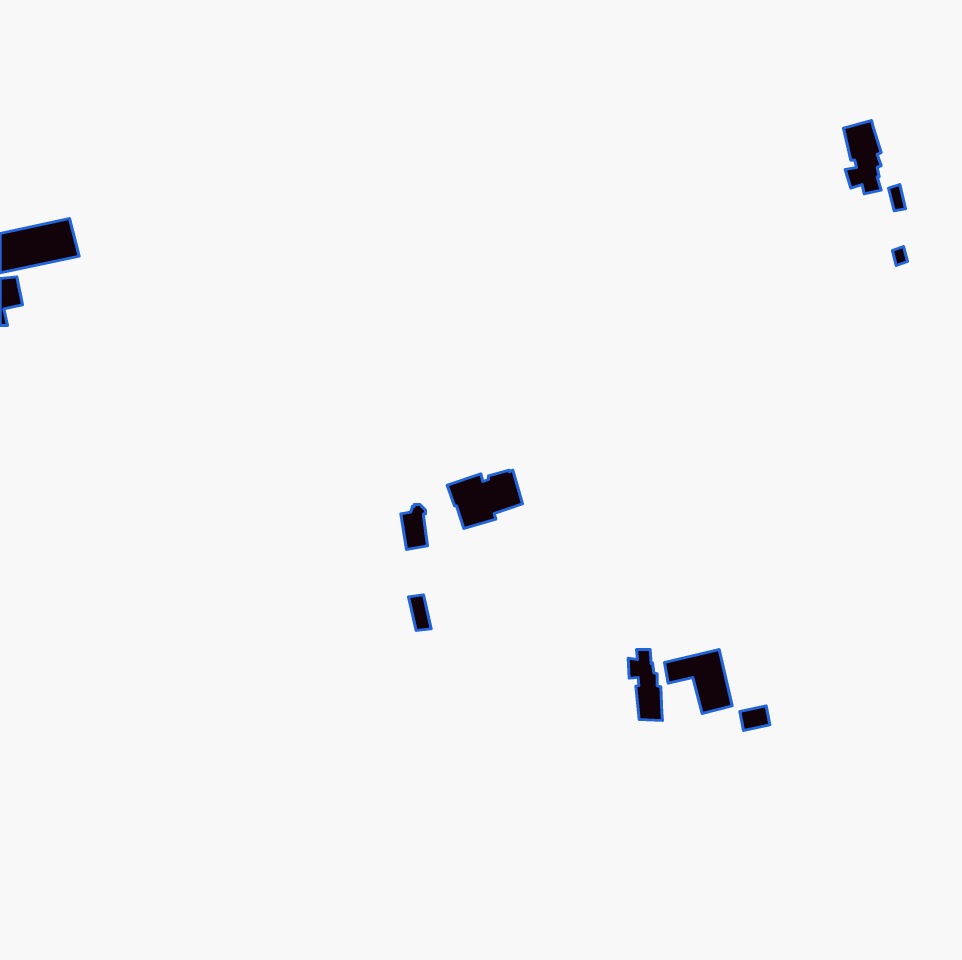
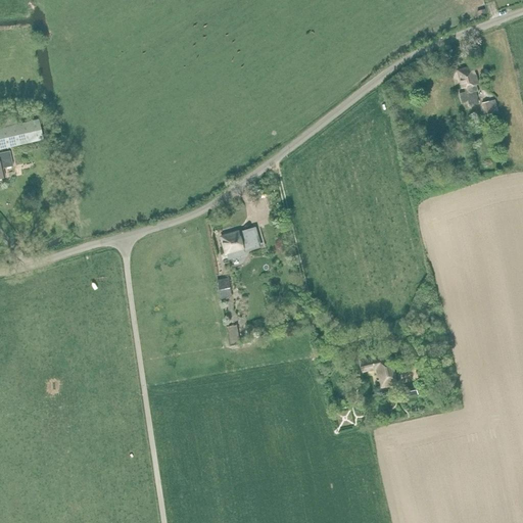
building: [447,470,522,528] -> [221,228,262,259]
building: [628,649,662,721] -> none

